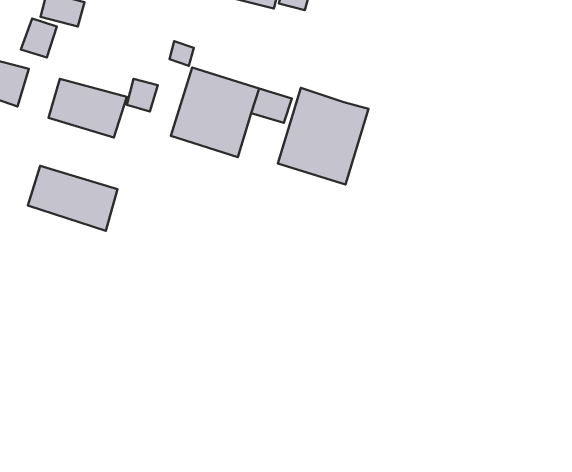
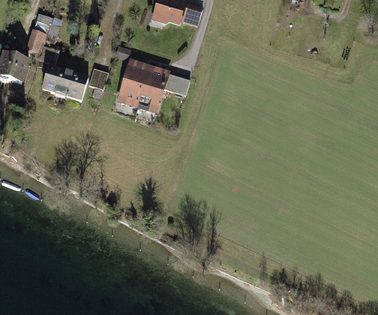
building: [278,88,368,185] -> none
building: [28,166,117,231] -> none

